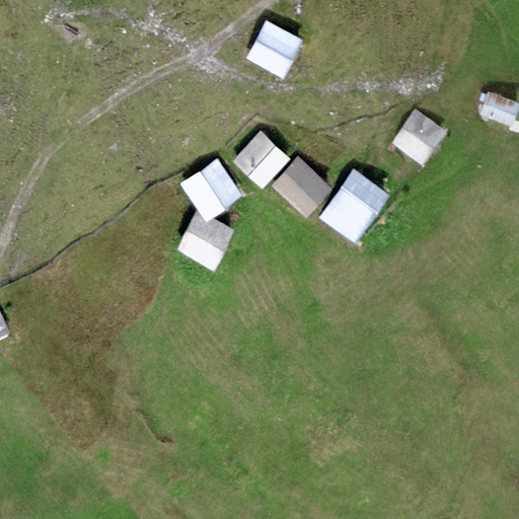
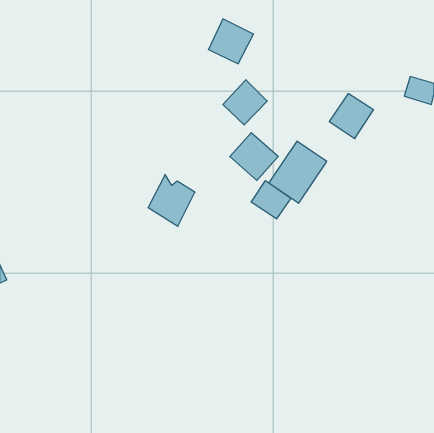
building: [235,131,288,184] -> [223,80,267,125]
building: [178,157,242,221] -> none
building: none -> [251,181,291,219]

